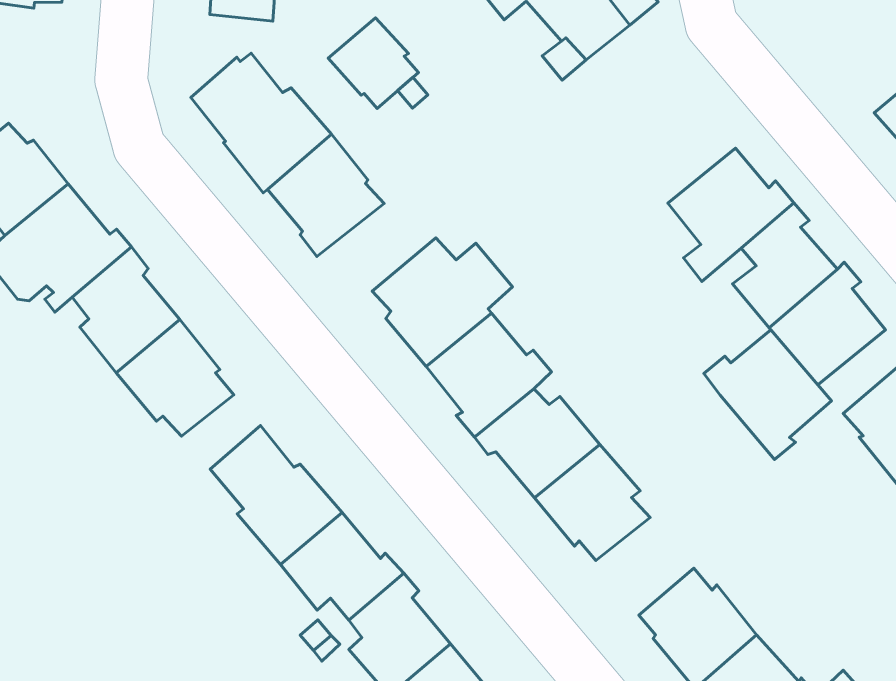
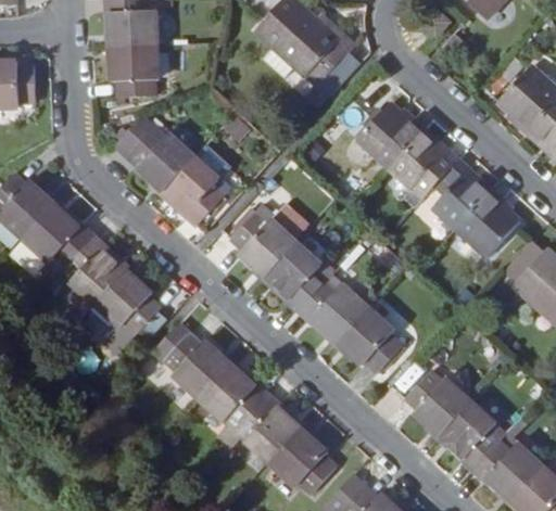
building: [328,18,418,108] -> none
building: none -> [356,101,426,167]
building: [704,330,831,459] -> none

